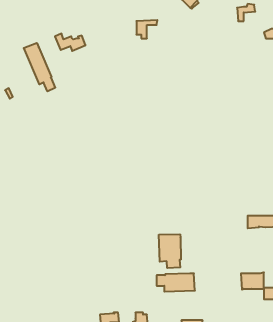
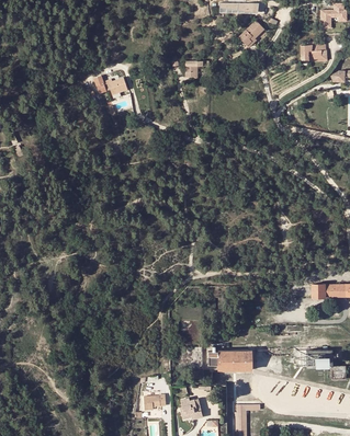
building: [24,43,55,91] -> none
building: [159,234,181,268] -> none

